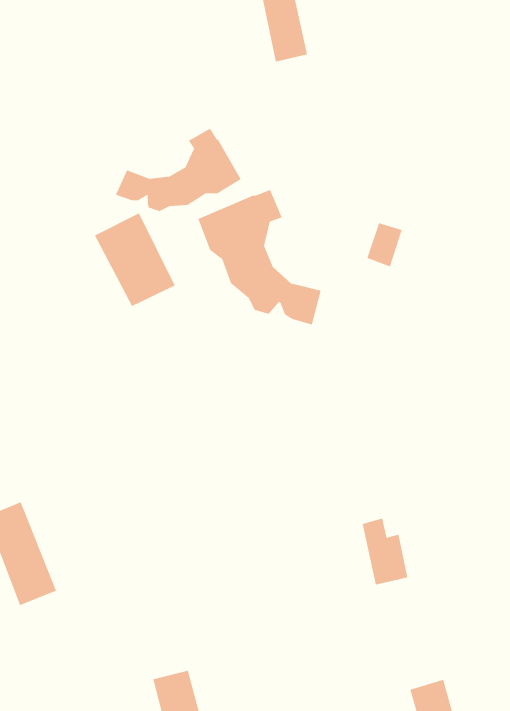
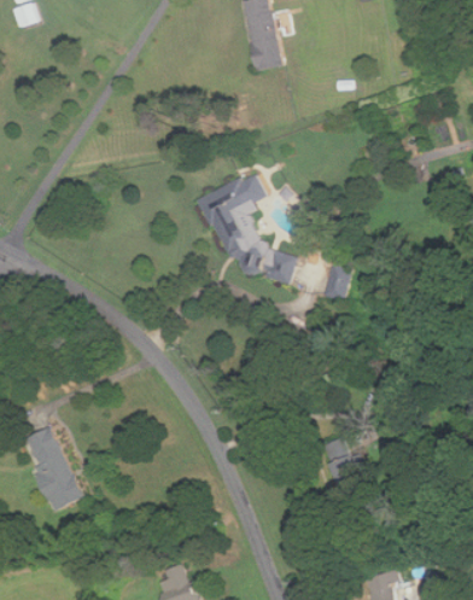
building: [115,128,241,212] -> none
building: [94,213,176,307] -> none
building: [367,222,402,267] -> [321,263,350,299]

